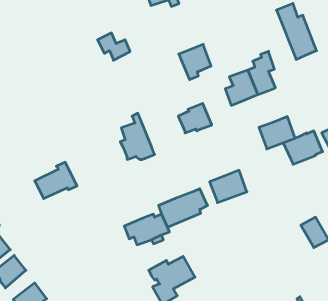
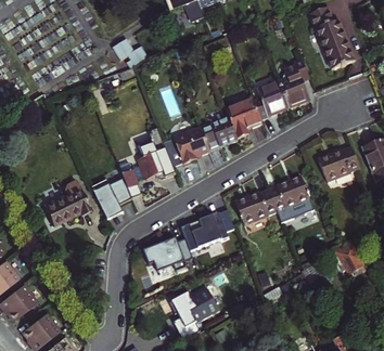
building: [179,44,211,80] -> [227,100,263,139]
building: none -> [163,125,209,164]
building: [259,117,295,149] -> [269,178,309,213]
building: none -> [91,165,145,218]

